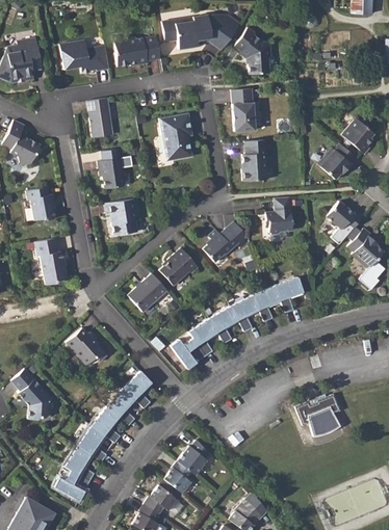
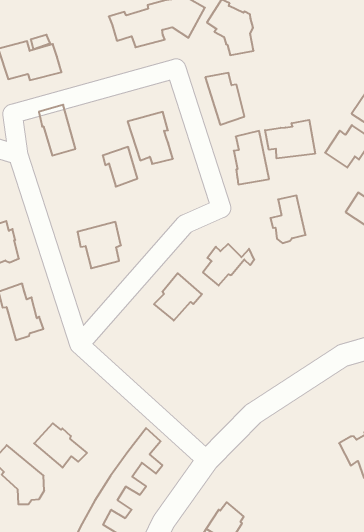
building: [114,36,160,67] -> none
building: none -> [265,120,315,158]
building: [97,158,123,189] -> [103,147,137,187]
building: [129,274,167,312] -> none
building: [171,276,303,369] -> none
building: [66,329,108,367] -> [34,423,87,468]

